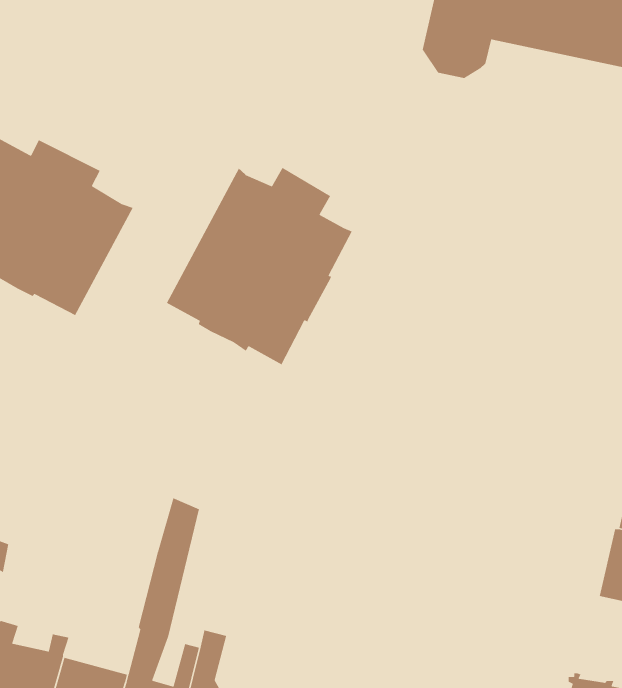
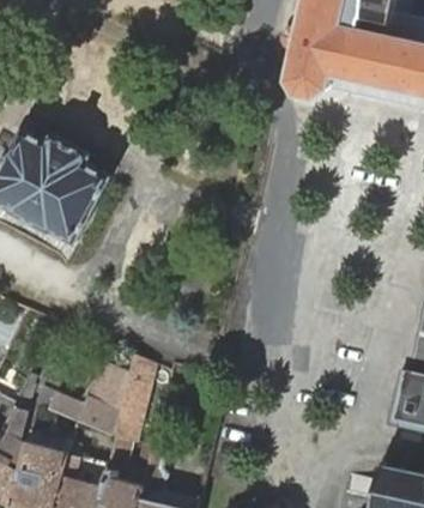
building: [166,167,353,365] -> none
building: none -> [34,363,127,435]

